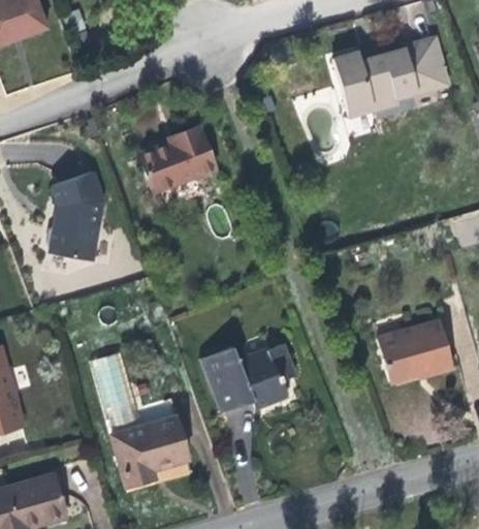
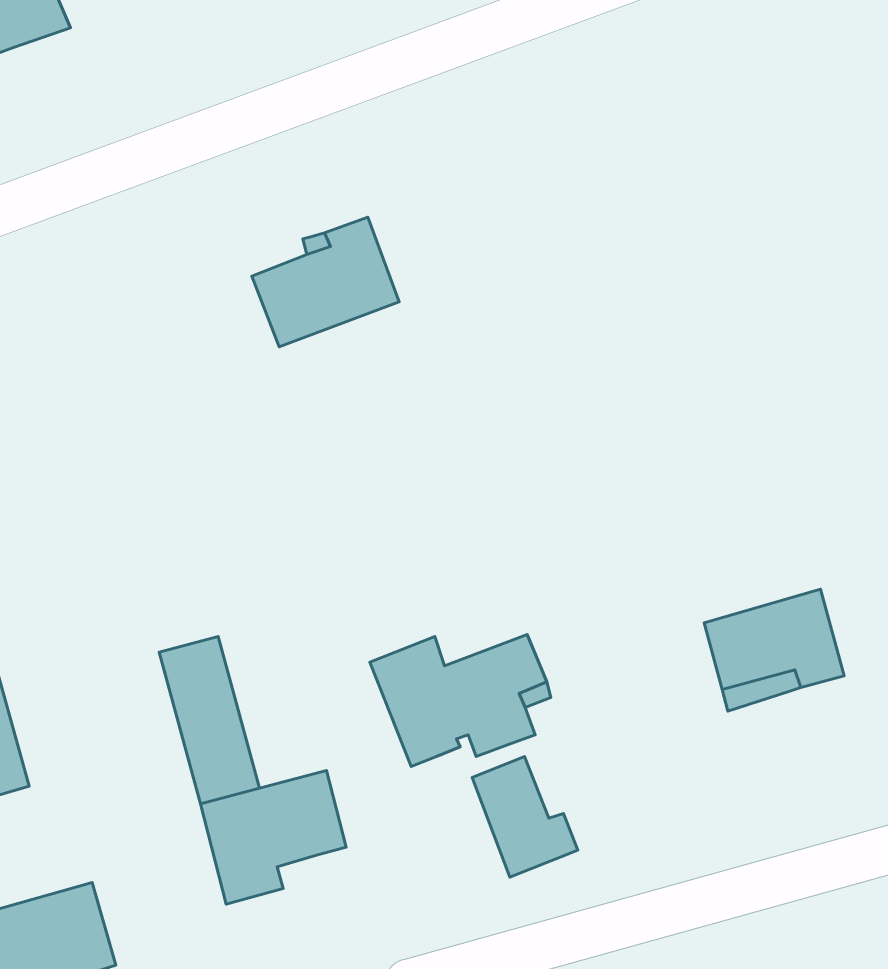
building: [339,42,449,119] -> none
building: [46,167,102,256] -> none
building: none -> [472,756,578,877]

